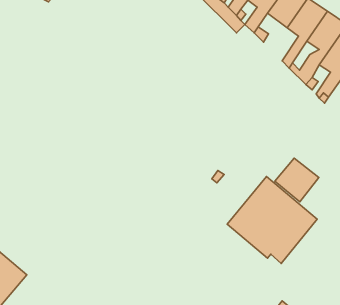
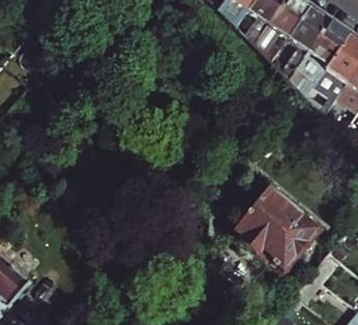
building: [275,158,319,202] -> none

